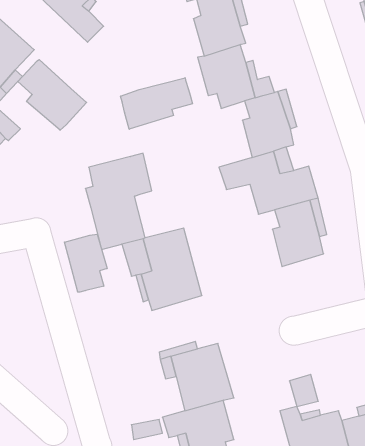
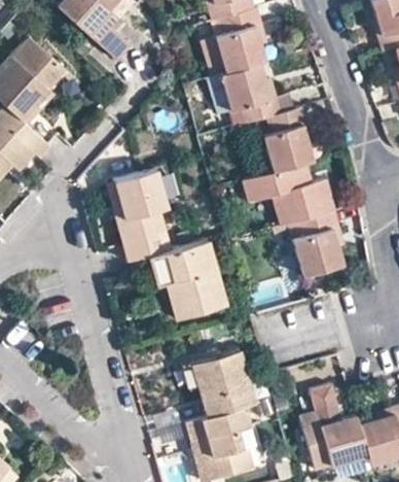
building: [18,60,87,130] -> none
building: [121,78,192,129] -> none
building: [64,234,107,292] -> none

